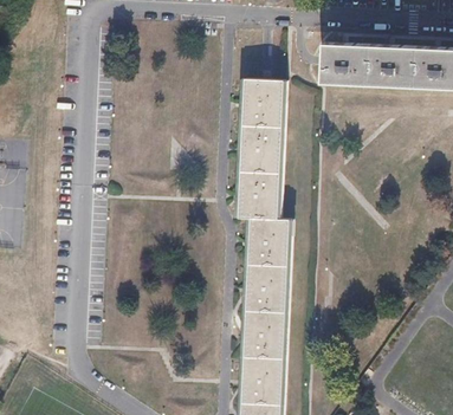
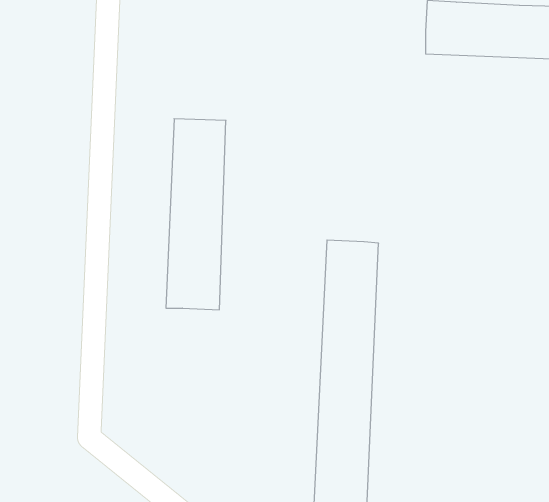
building: [239,79,283,219] -> [166,119,226,310]

